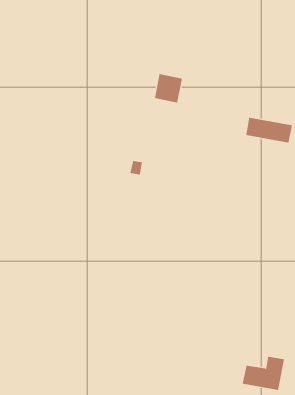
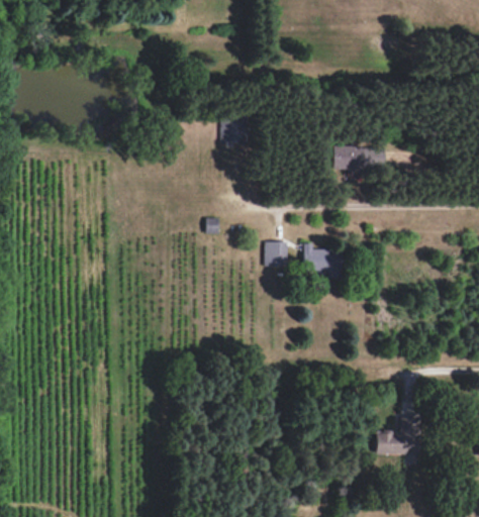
building: none -> [265,241,288,266]
building: none -> [304,243,342,275]

